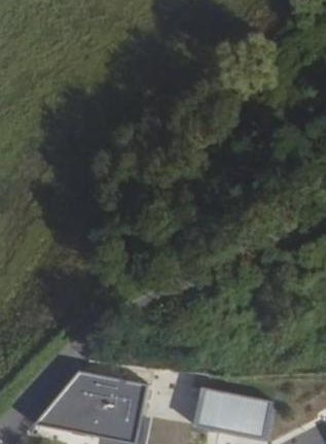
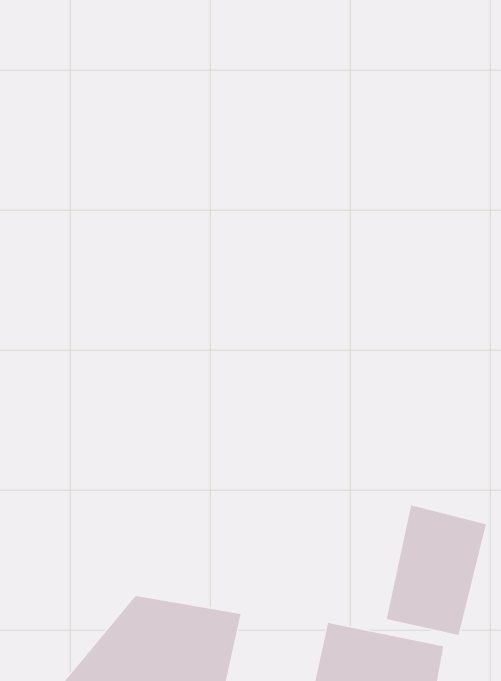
building: none -> [386,504,487,636]

